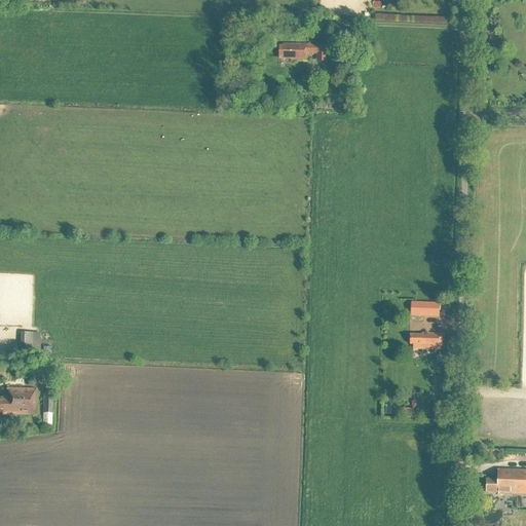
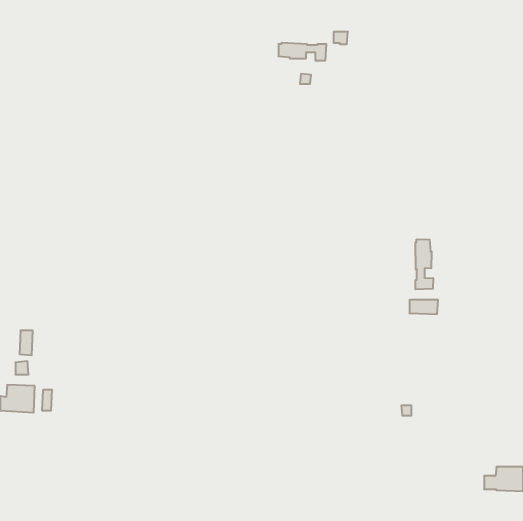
building: none -> [415,239,433,289]
building: [410,332,442,349] -> none

